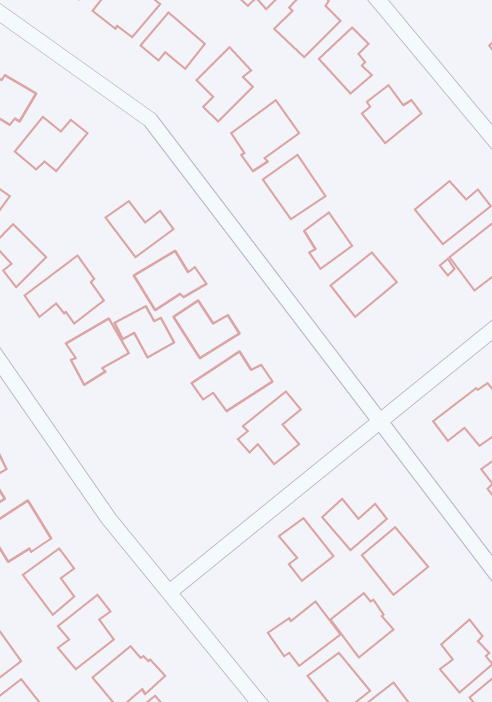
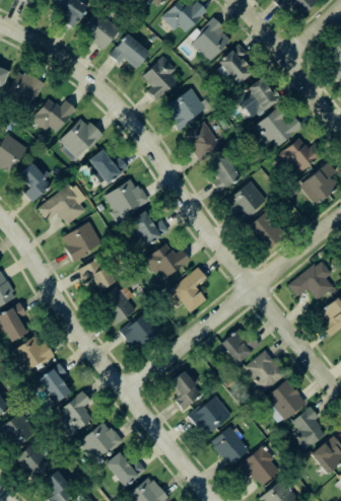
building: none -> [257,103,303,149]
building: none -> [60,119,104,157]
building: none -> [244,211,286,255]
building: [114,306,174,358] -> [78,260,115,291]
building: none -> [98,286,136,325]
building: none -> [119,312,163,352]
building: [279,518,333,581] -> [168,372,202,411]
building: [331,593,394,658] -> [267,380,305,420]

